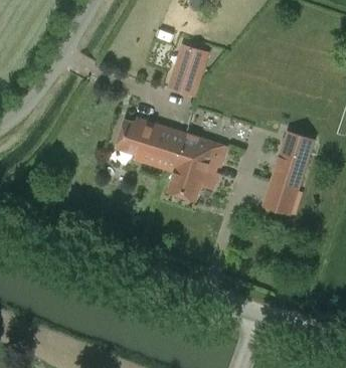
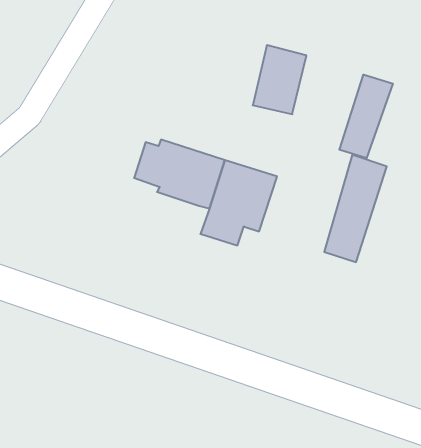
building: [165,41,207,96] -> [253,45,306,114]
building: none -> [339,75,393,158]

